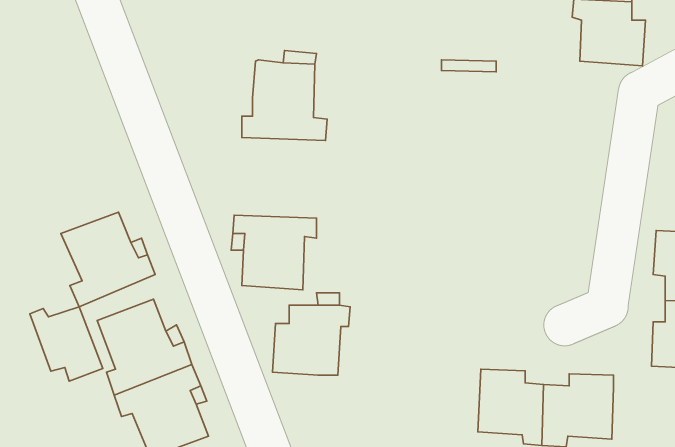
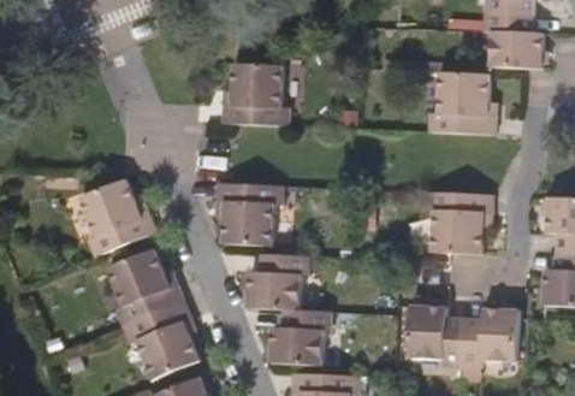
building: none -> [428,72,493,135]
building: none -> [426,193,491,255]
building: [30,307,103,381] -> none
building: none -> [271,311,330,362]

